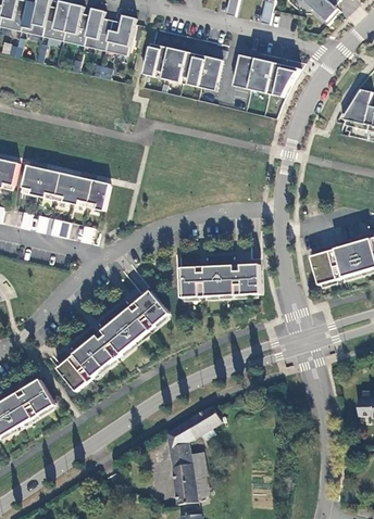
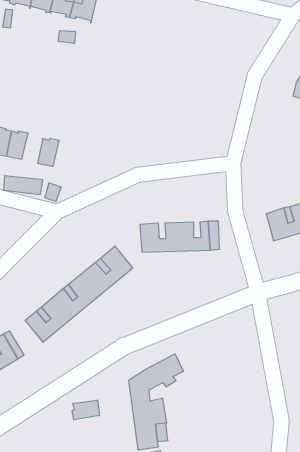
building: [142,41,222,89] -> none
building: [233,53,299,96] -> none
building: [53,170,75,202] -> none
building: [86,178,109,210] -> none
building: none -> [72,400,99,420]

